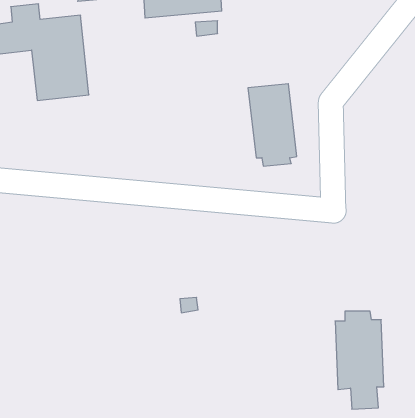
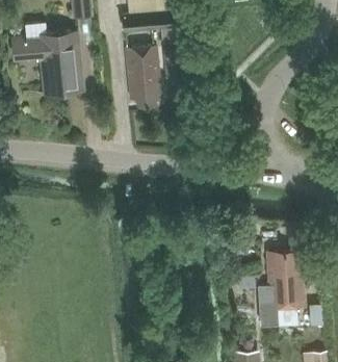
building: [248,84,297,166] -> [125,46,161,107]

